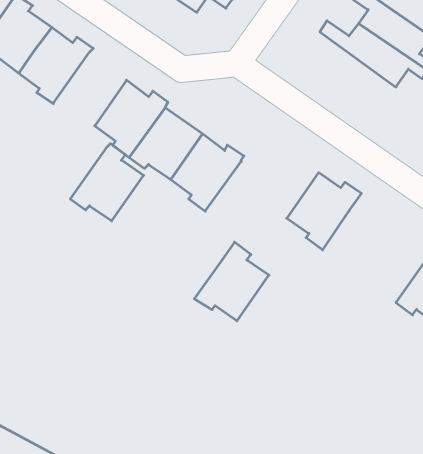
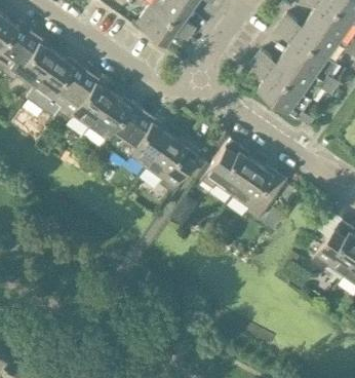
building: none -> [249,60,315,126]
building: [70,144,144,221] -> [57,72,112,129]
building: [194,242,269,321] -> [199,140,254,198]

